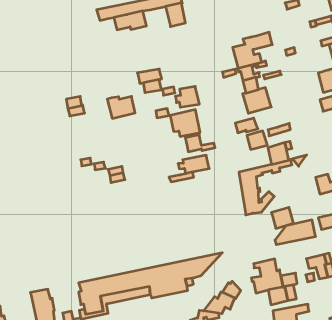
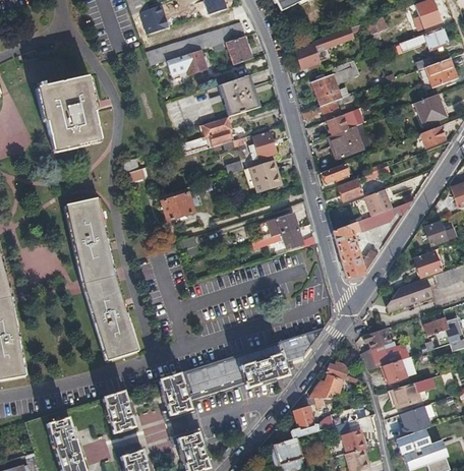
building: none -> [296,26,353,67]
building: none -> [38,76,99,149]
building: none -> [220,75,257,115]
building: [107,96,135,118] -> [160,191,194,220]
building: none -> [66,198,136,359]
building: [185,135,215,152] -> [282,228,318,249]
building: [271,207,293,228] -> [414,251,442,278]

